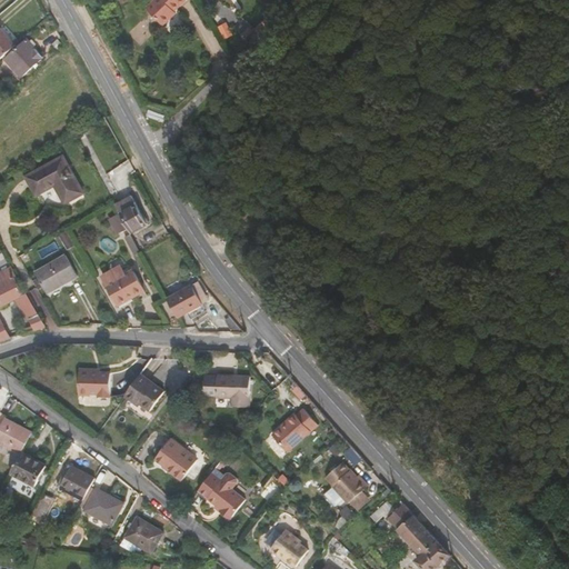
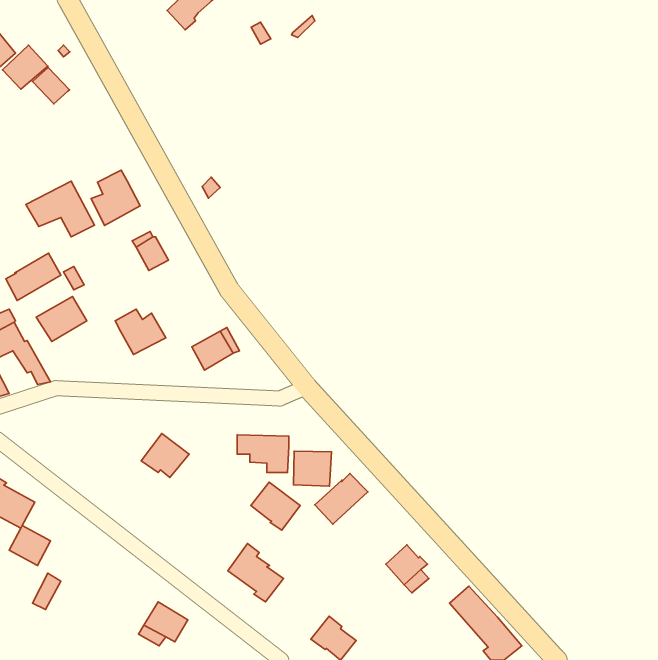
building: none -> [33,67,69,104]
building: none -> [91,170,140,226]
building: none -> [6,253,61,300]
building: [76,367,109,396] -> none
building: none -> [293,451,331,486]
building: [153,438,196,479] -> [251,482,300,530]
building: [58,466,92,499] -> none
building: [83,488,120,523] -> none

